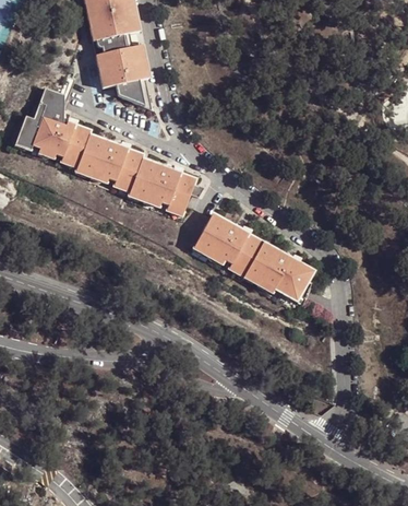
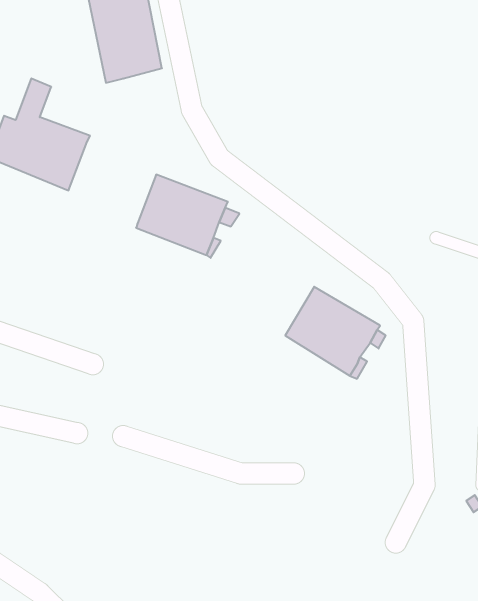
building: [118,75,154,108] -> none
building: [75,131,145,193] -> none
building: [191,212,263,279] -> none

